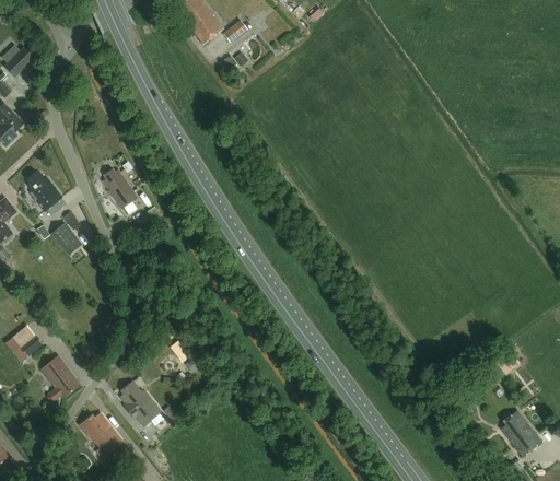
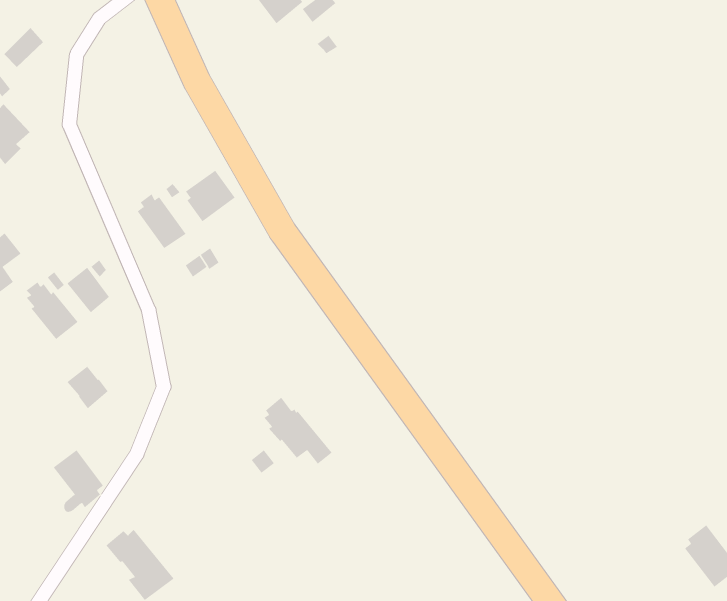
building: none -> [185,170,236,222]
building: [26,172,65,214] -> [26,282,78,340]
building: [11,324,42,355] -> [67,366,109,409]
building: [118,380,168,430] -> [264,397,332,464]

